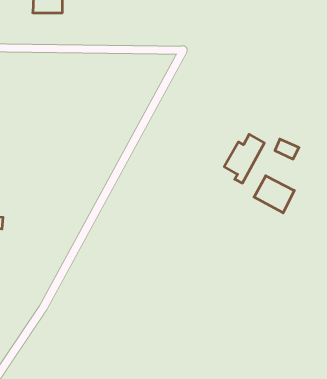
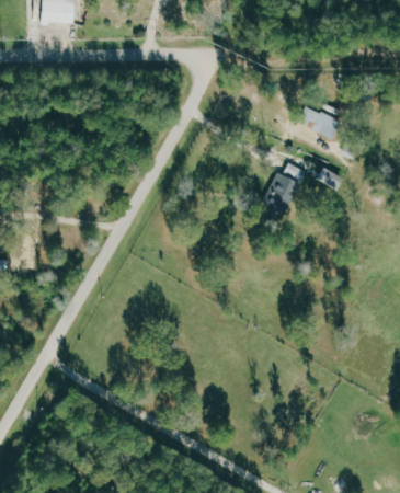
building: none -> [298,106,341,138]
building: [254,176,294,213] -> none

